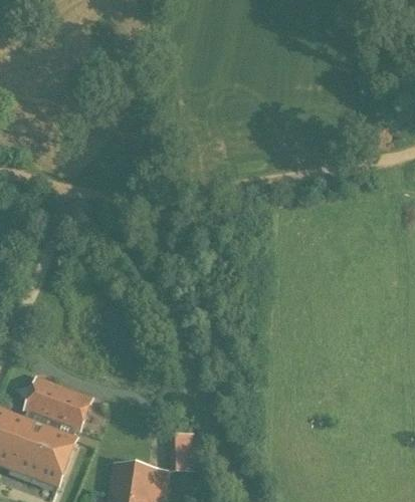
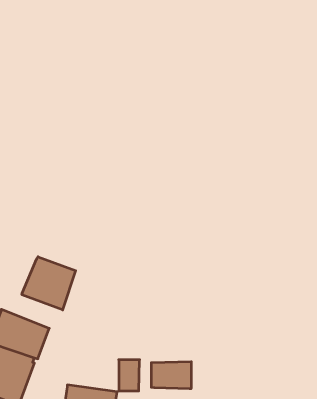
building: none -> [22,257,76,310]
building: none -> [151,362,191,389]

